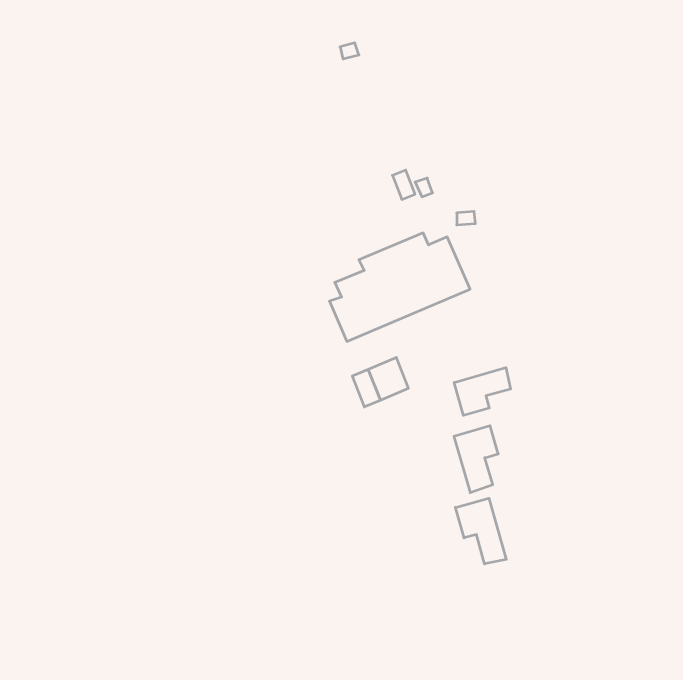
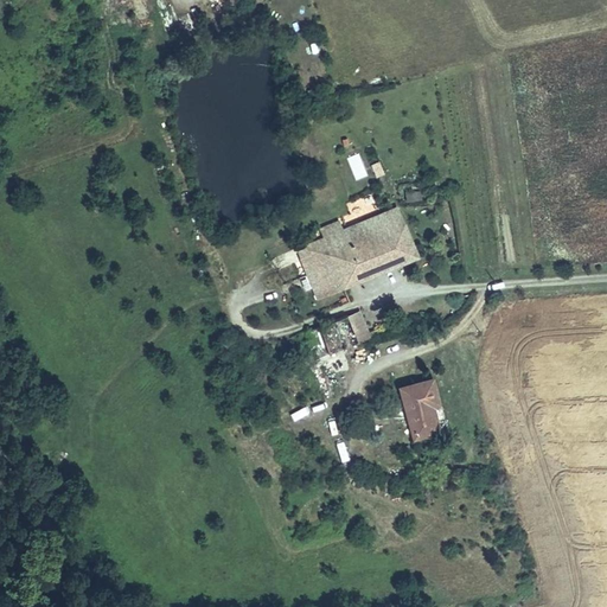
building: [454,368,511,415] -> none
building: [455,498,506,564] -> none

